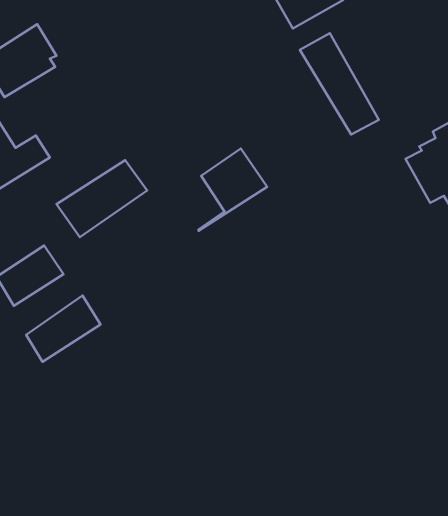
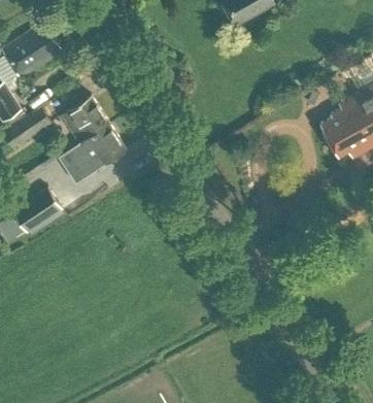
building: [300,33,379,135] -> none
building: [198,148,267,231] -> [59,97,110,159]
building: [26,296,101,362] -> none

